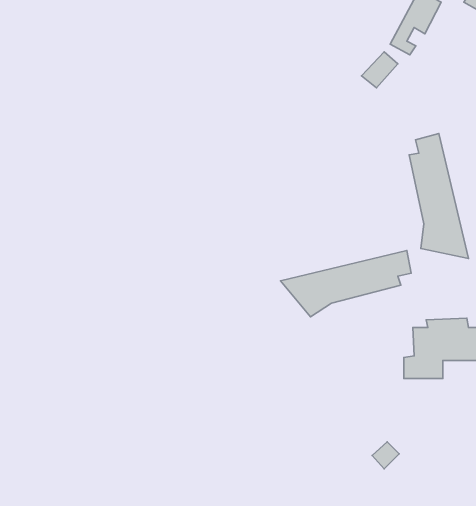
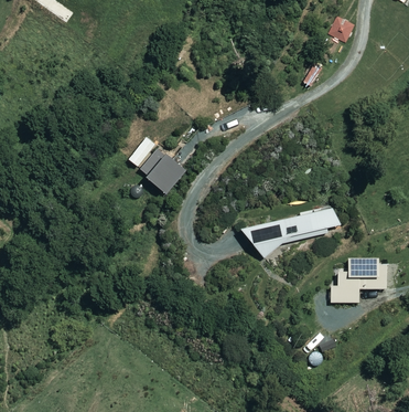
building: [409,133,469,258] -> none
building: none -> [138,148,183,192]

